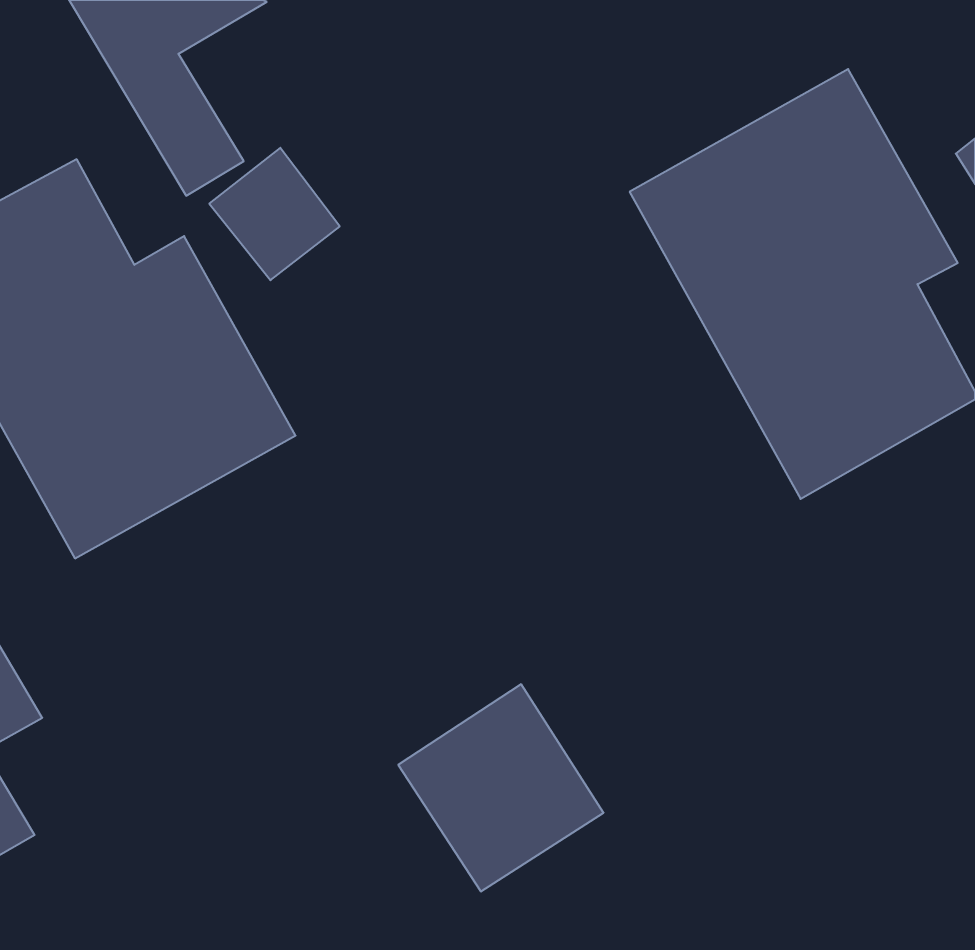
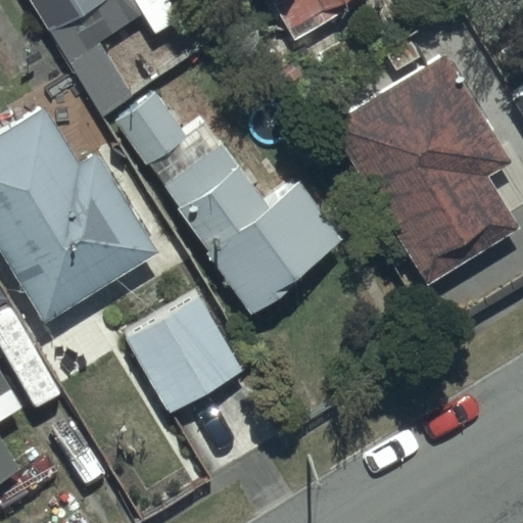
building: none -> [160,144,344,306]
building: [398,684,604,891] -> [128,293,237,403]

